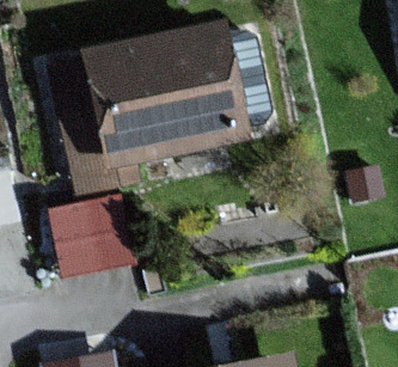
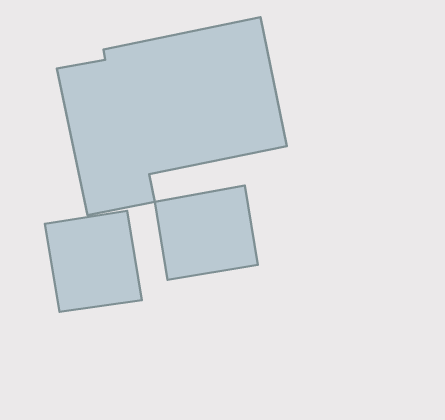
building: none -> [155,186,258,280]

